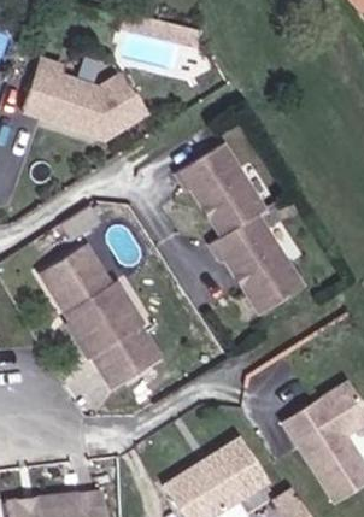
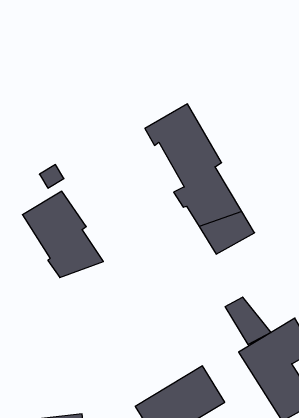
building: [25,59,147,139] -> none
building: [80,322,160,388] -> none
building: none -> [225,297,271,345]

